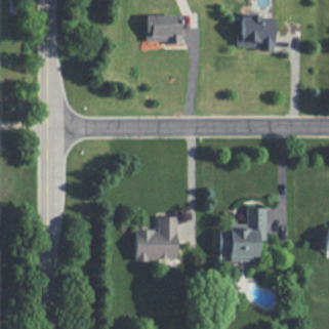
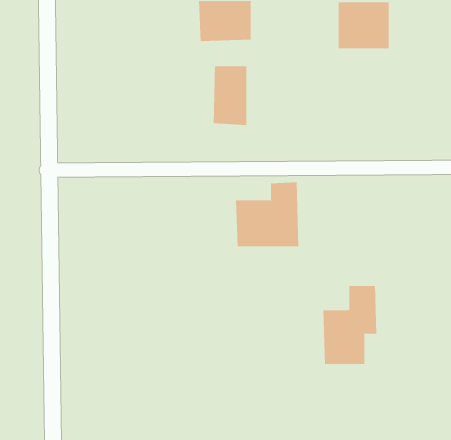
building: none -> [213,65,247,126]
building: [135,216,178,260] -> [235,182,299,247]

